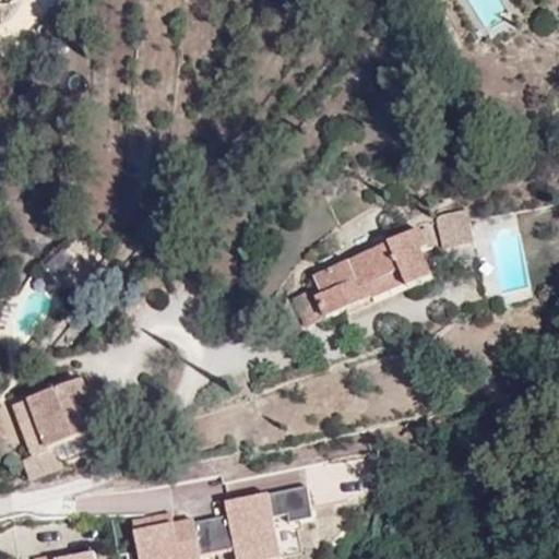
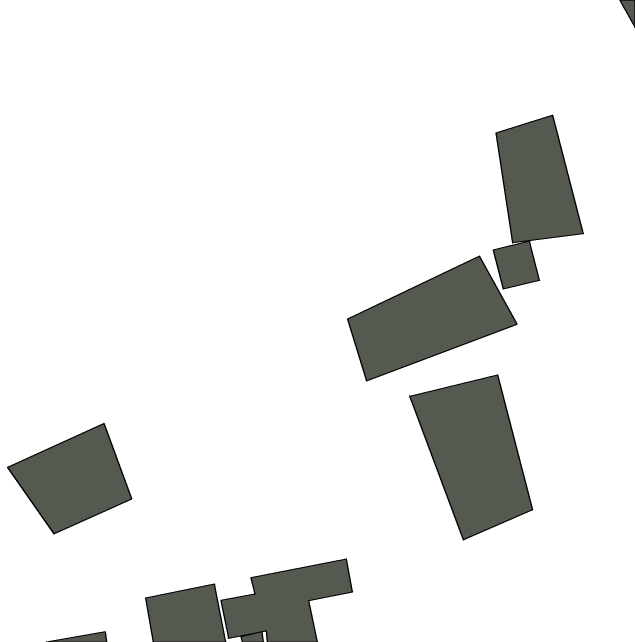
building: none -> [496,115,583,243]
building: none -> [410,375,532,540]

